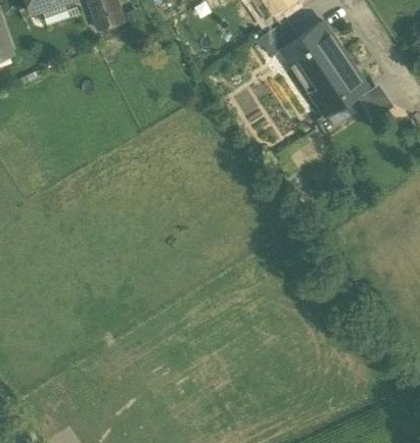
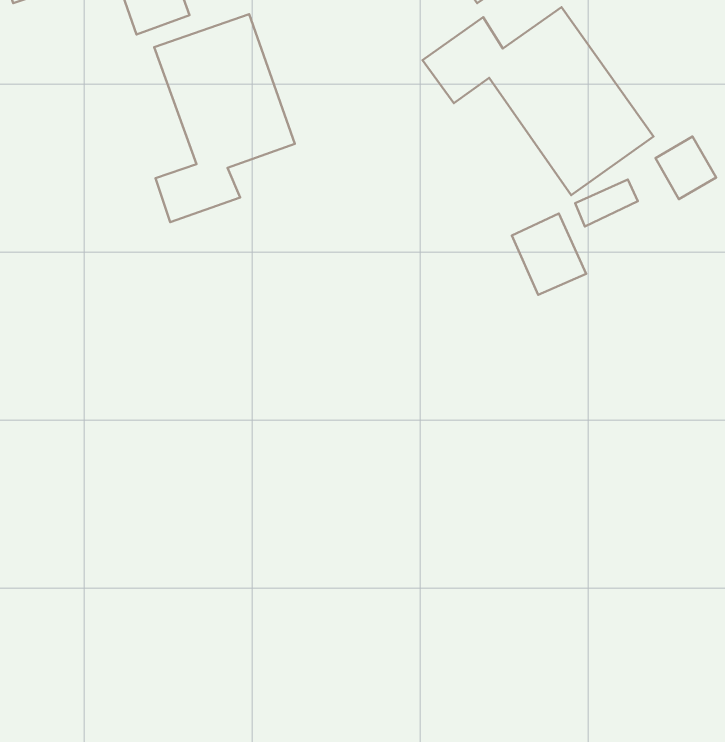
building: none -> [154,14,295,222]
building: none -> [512,213,586,295]

